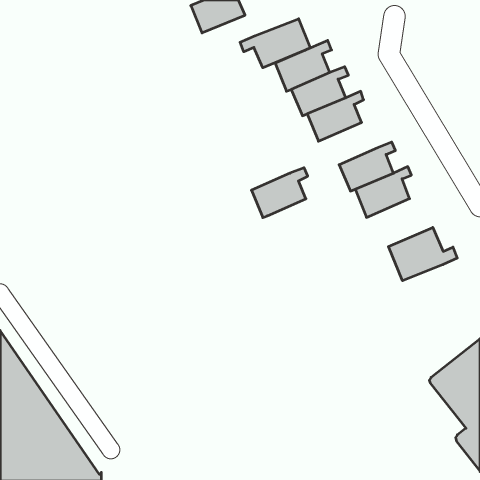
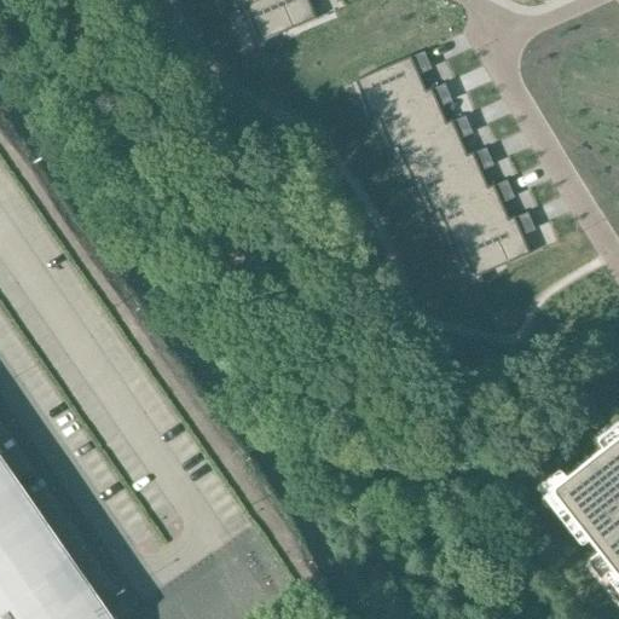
building: [240,19,310,68] -> none
building: [251,168,308,218] -> [416,151,488,215]
building: [388,227,457,281] -> none

